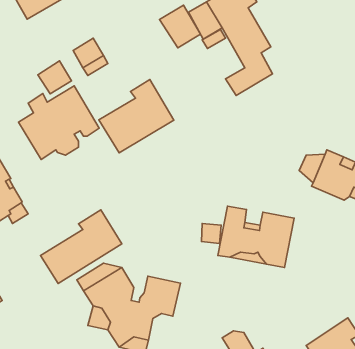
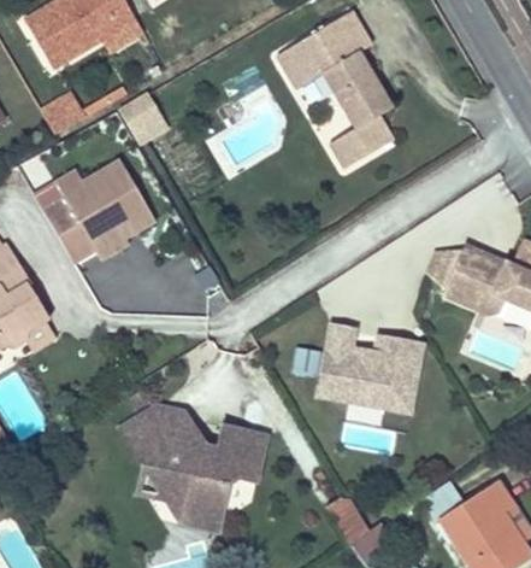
building: [160,5,200,48] -> none
building: [38,61,72,94] -> [43,92,90,137]
building: [99,80,174,153] -> none
building: [40,210,122,283] -> none

